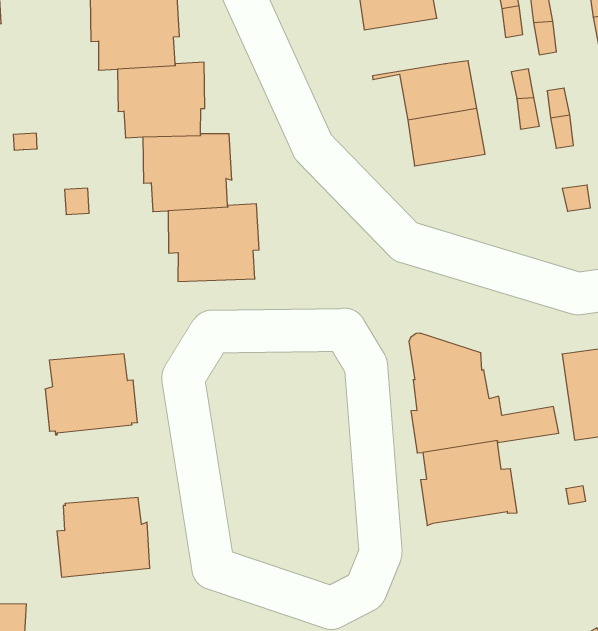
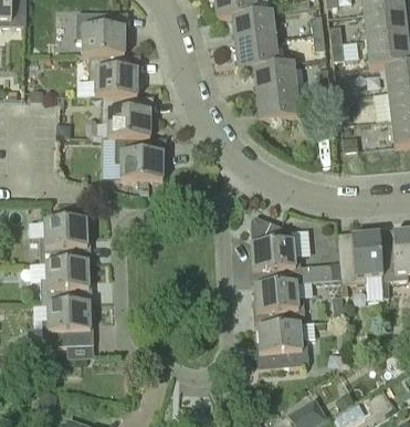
building: none -> [234,37,280,67]
building: none -> [41,260,93,304]
building: none -> [255,322,309,368]

